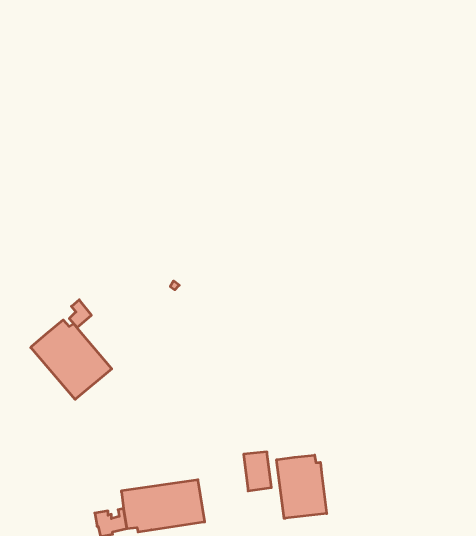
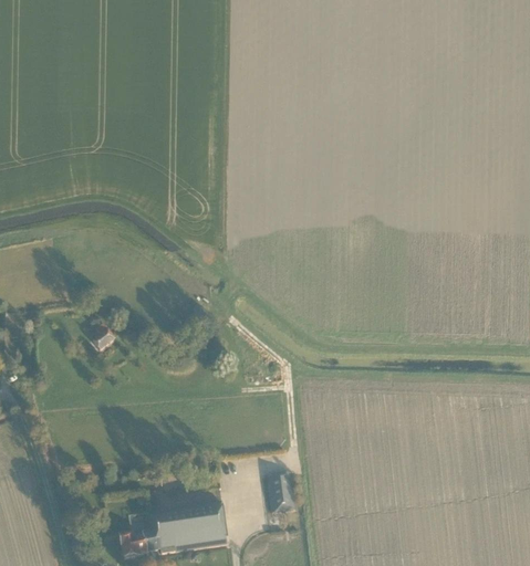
building: [31,320,112,399] -> none
building: [277,455,327,518] -> none

